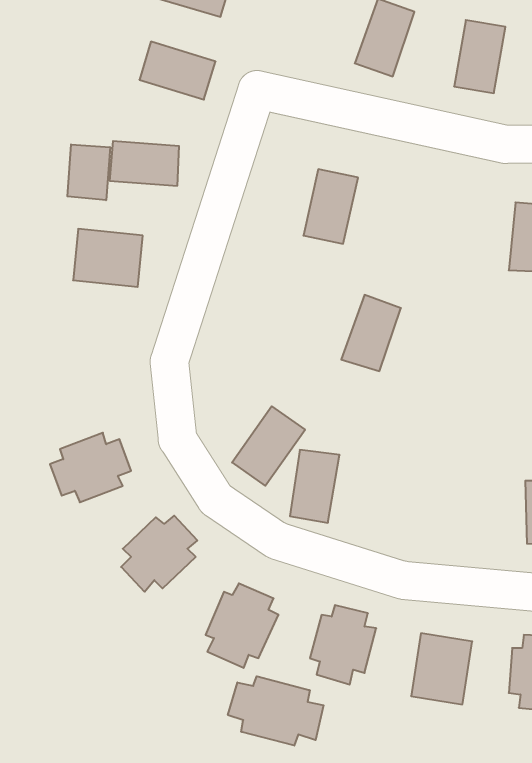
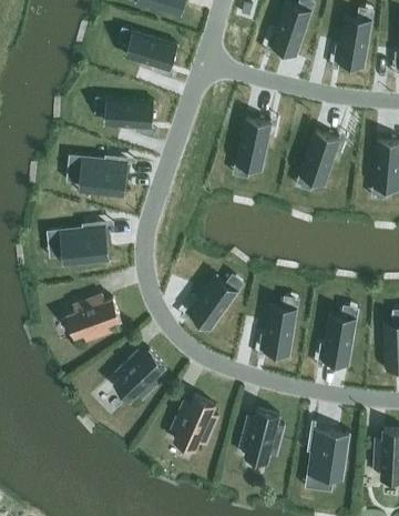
building: [67,144,110,200] -> none
building: [341,295,401,371] -> [300,131,340,182]
building: none -> [63,225,110,264]
building: [290,450,340,523] -> [263,306,296,355]
building: none -> [321,315,356,364]
building: [228,676,324,746] -> none

